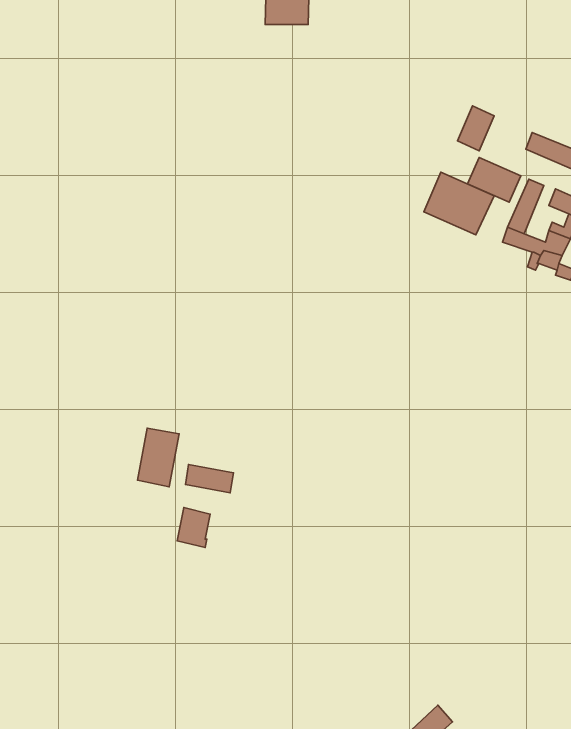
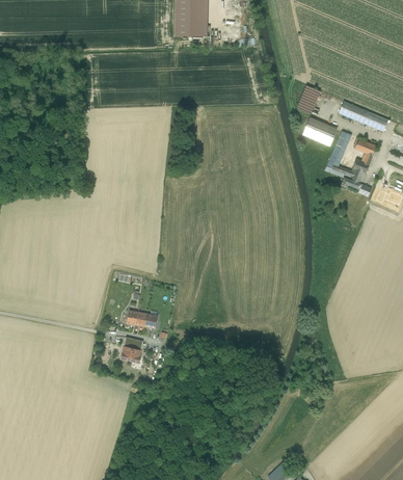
building: [424,172,494,235] -> none
building: [137,428,179,487] -> none

